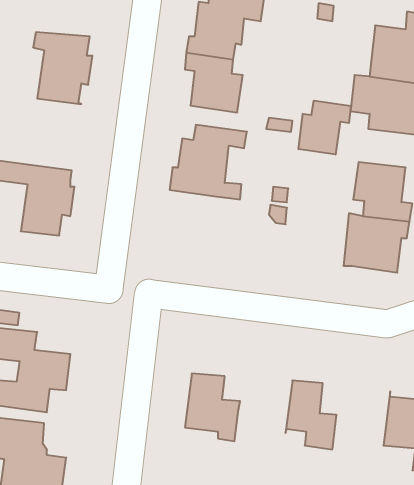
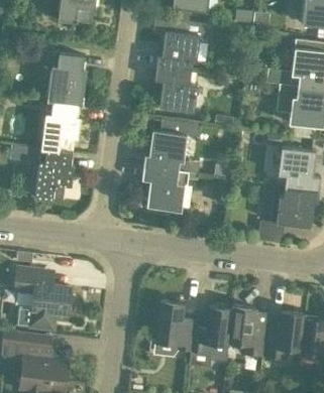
building: none -> [40,101,81,153]
building: [299,101,351,155] -> none
building: none -> [141,167,188,211]
building: none -> [191,305,233,362]
building: none -> [262,311,305,360]

